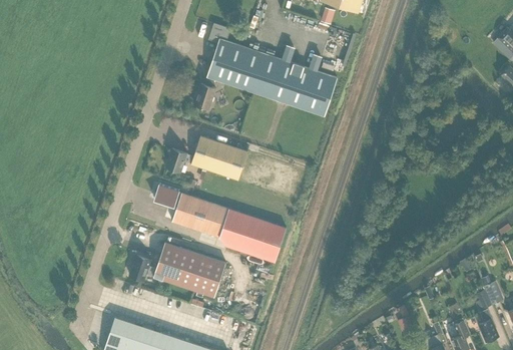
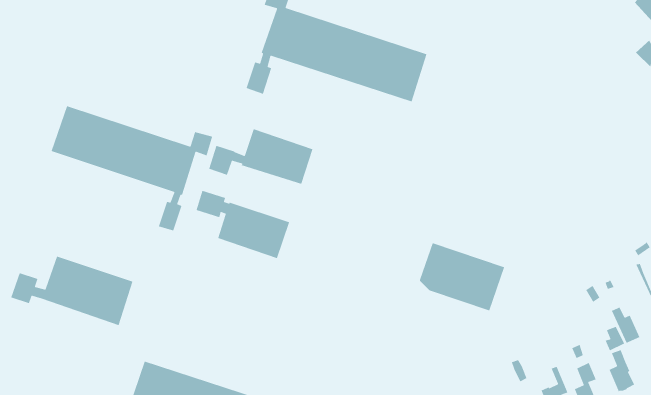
building: none -> [51,105,213,232]
building: [219,209,287,263] -> [419,242,505,312]
building: [129,242,225,297] -> [10,256,133,326]

